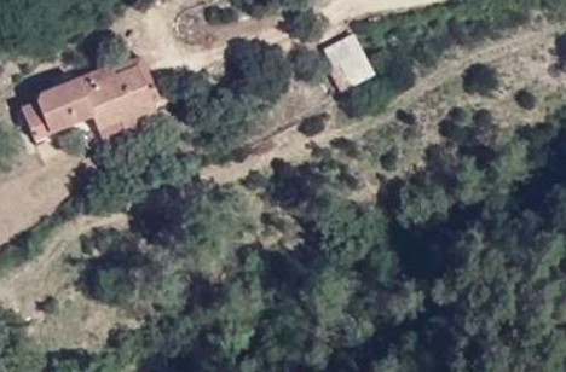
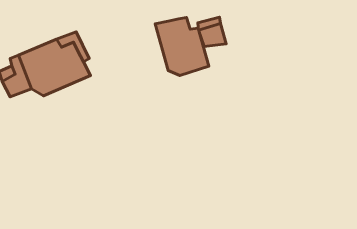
building: none -> [155,17,209,76]

